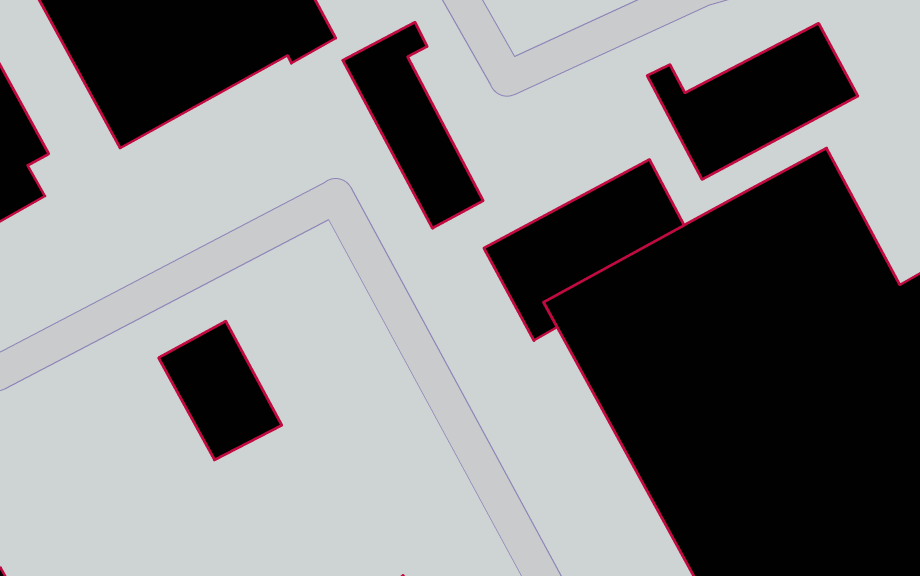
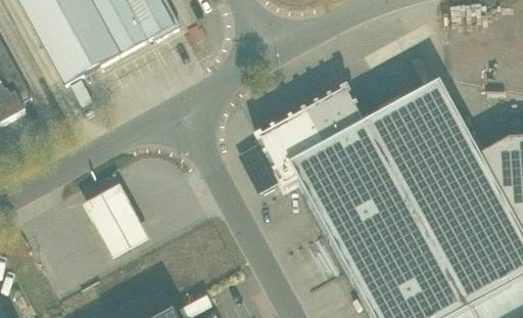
building: [343,22,483,228] -> none
building: [647,23,858,179] -> none

